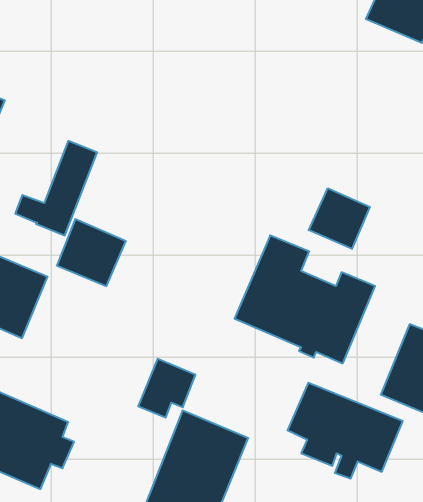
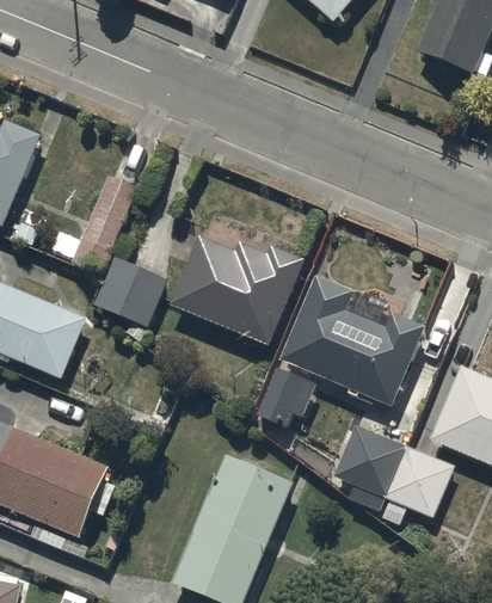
building: [309,188,370,249] -> none
building: none -> [170,235,305,344]
building: [138,359,196,418] -> [257,365,316,426]

